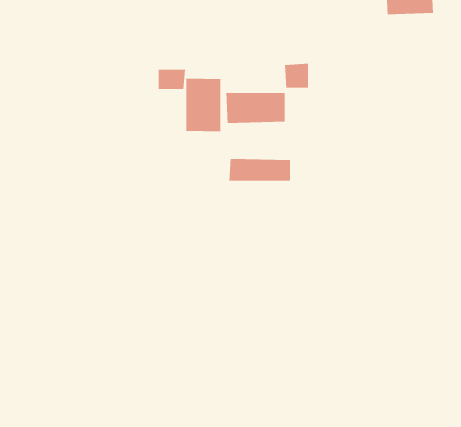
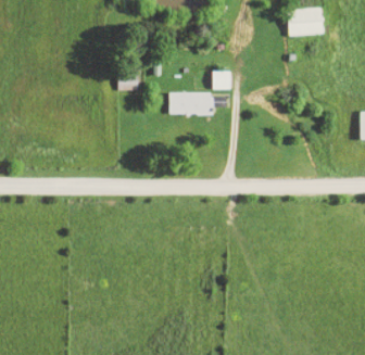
building: [186,78,221,132] -> none
building: [229,158,290,181] -> none

